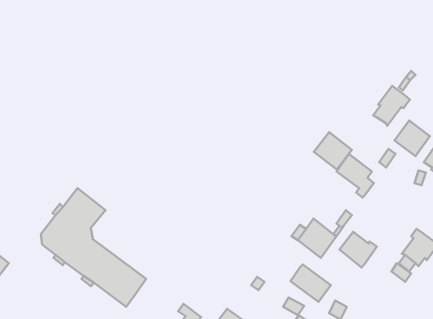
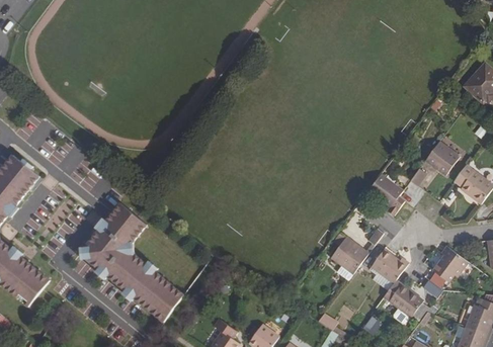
building: [373,86,410,126] -> none
building: [314,132,352,170] -> none
building: [290,264,331,302] -> [384,280,423,317]

